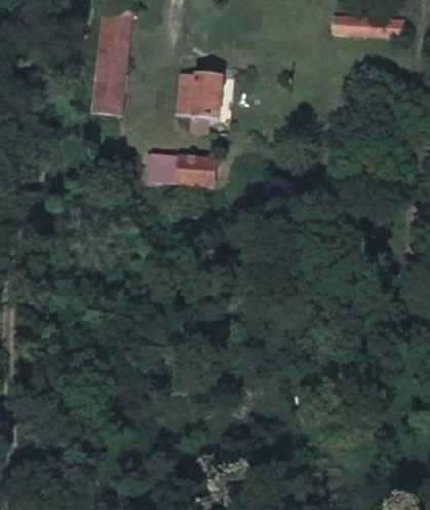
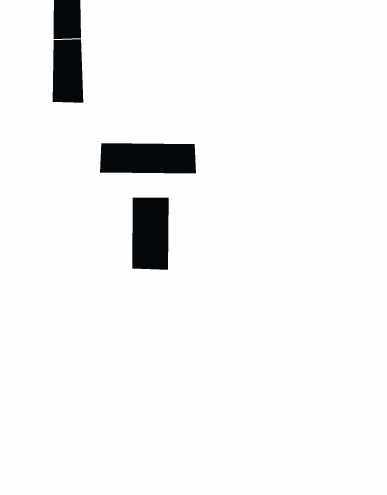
building: [178,75,222,132] -> none
building: none -> [132,197,169,271]

